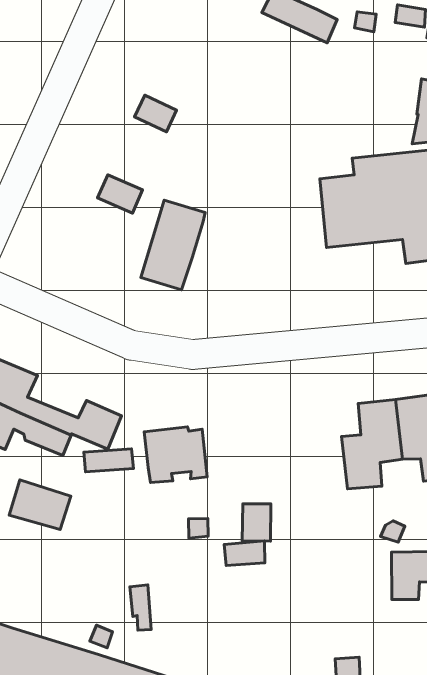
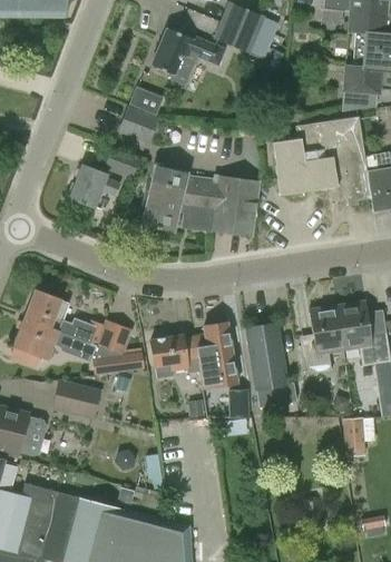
building: none -> [215,21,273,59]
building: none -> [151,27,225,81]
building: none -> [118,106,160,145]
building: none -> [71,166,121,208]
building: none -> [180,175,261,236]
building: none -> [195,323,238,388]
building: none -> [247,324,287,391]

